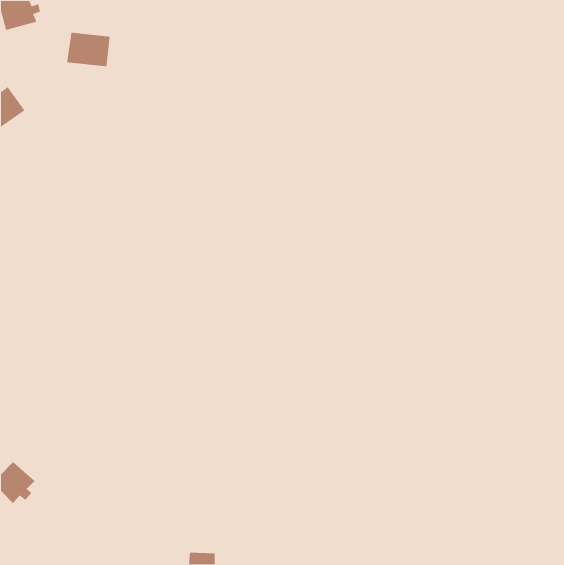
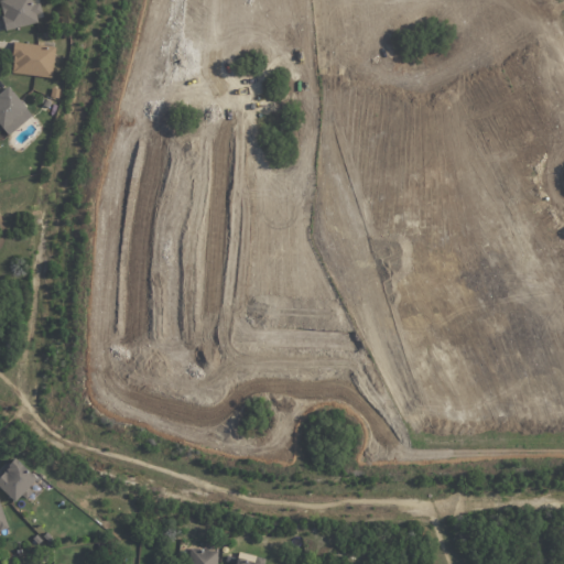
building: [66,32,111,67] -> [11,43,55,78]

